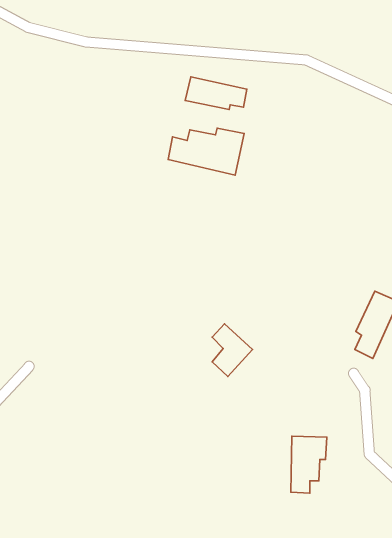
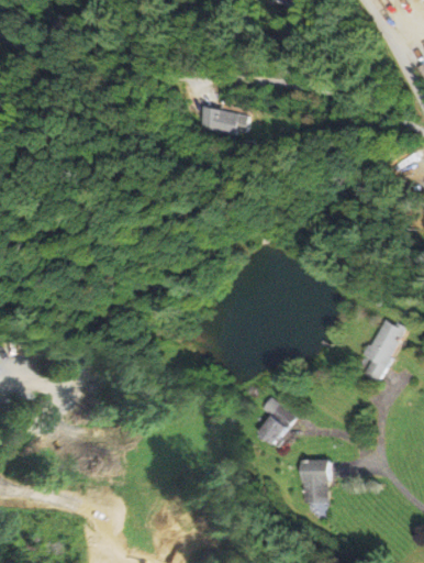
building: [168,128,244,175] -> none
building: [212,324,252,377] -> [259,396,299,448]

